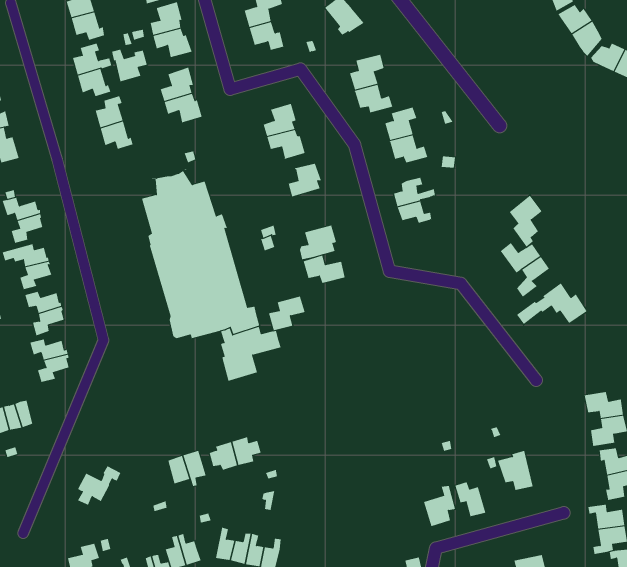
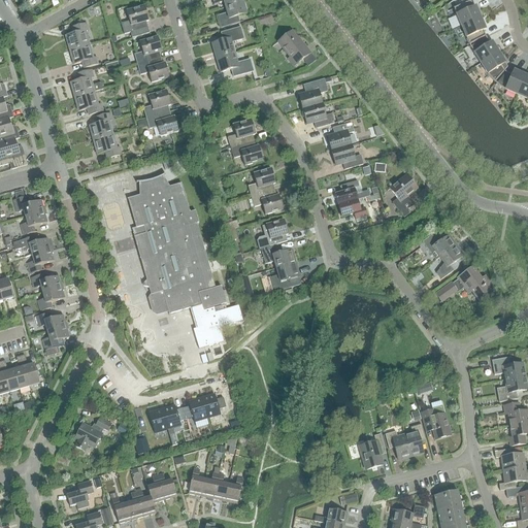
building: [111,49,147,82] -> none
building: none -> [251,189,283,213]
building: [509,195,543,247] -> [389,173,417,217]
building: [268,296,306,331] -> [268,262,299,291]
building: none -> [404,423,425,456]

